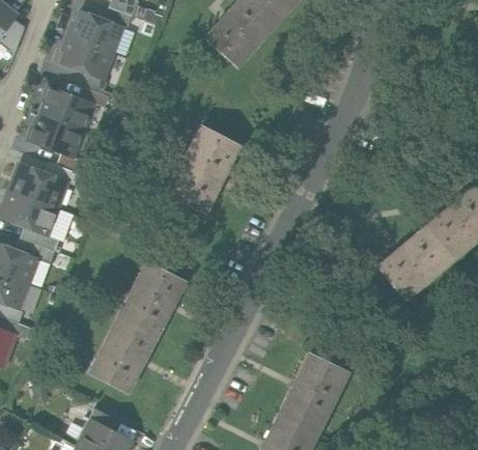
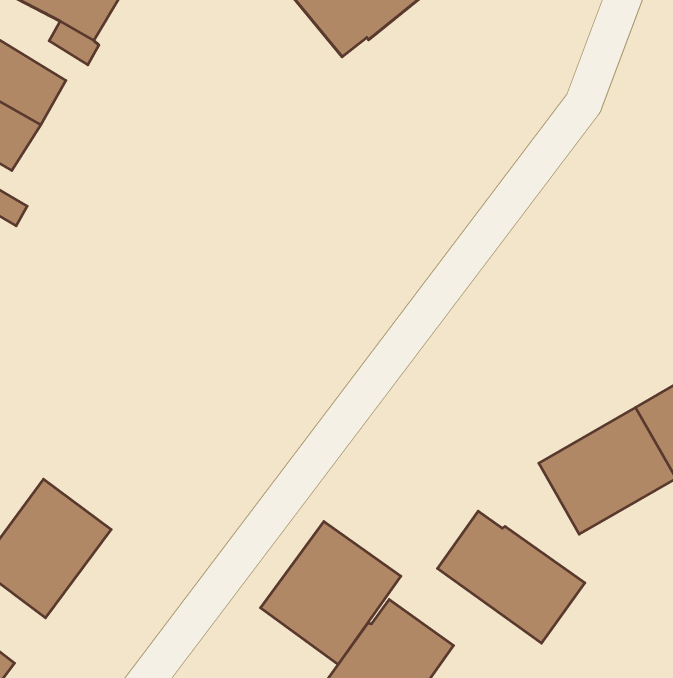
building: [166,124,240,212] -> none
building: [116,260,187,339] -> none
building: none -> [437,511,585,643]
building: none -> [261,521,401,665]

